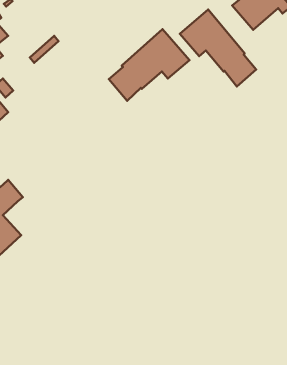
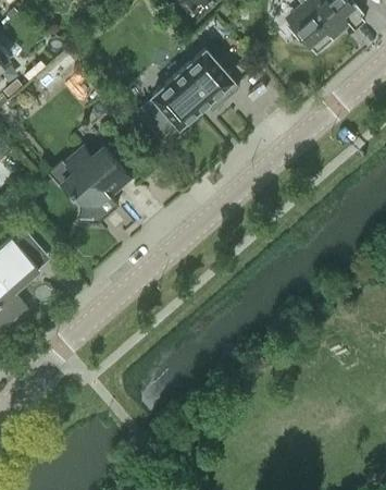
building: [180,10,256,86] -> none
building: none -> [63,146,130,205]

